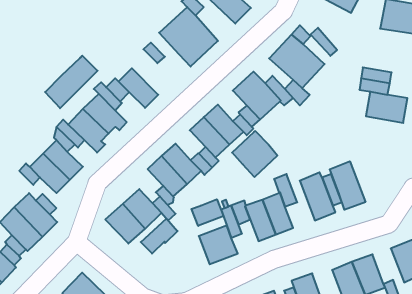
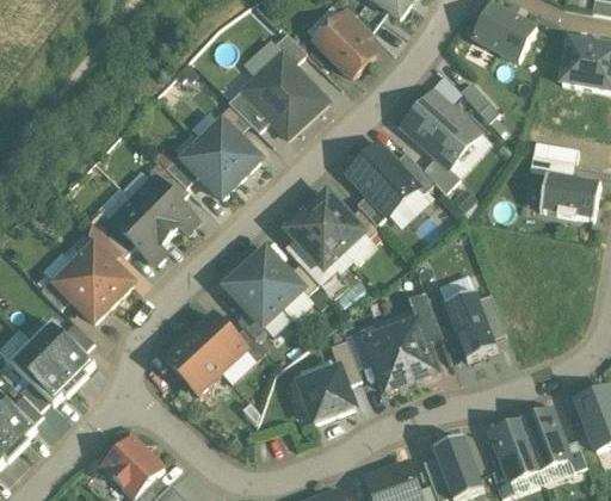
building: none -> [227,88,270,131]
building: none -> [202,120,259,178]
building: [45,56,98,108] -> none
building: [232,131,277,177] -> none
building: [330,161,365,210] -> none
building: [191,199,224,226] -> none
building: [141,219,178,254] -> none

